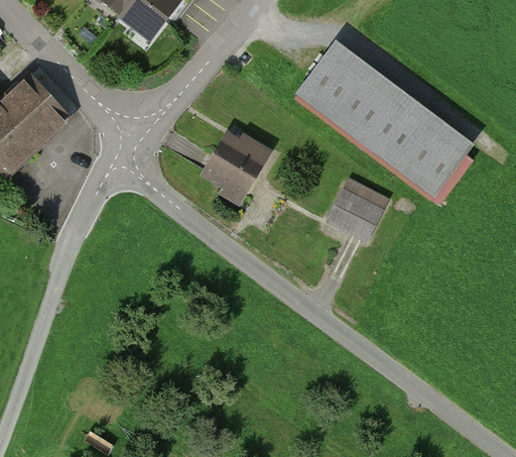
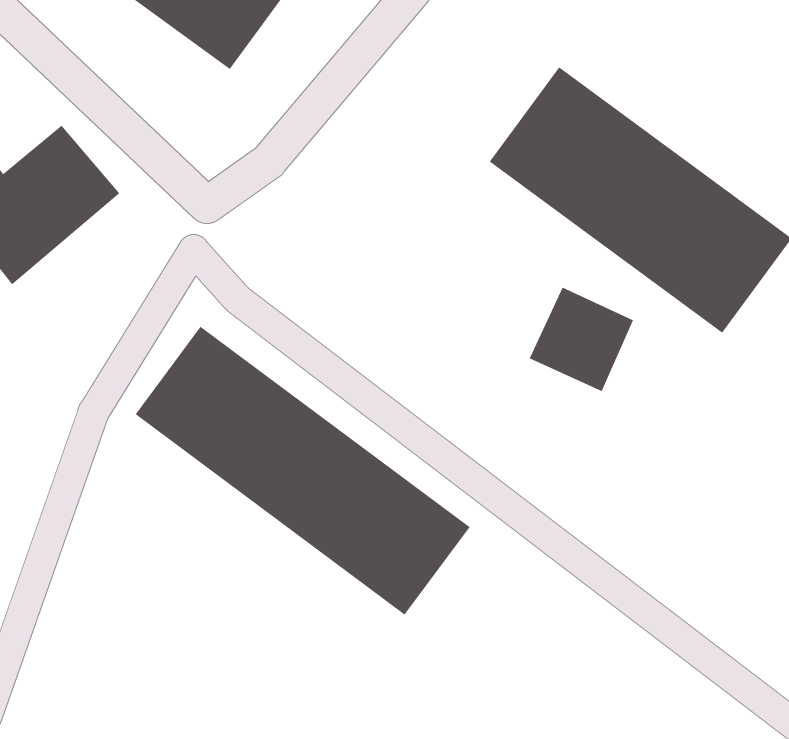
building: [198,125,272,200] -> none
building: none -> [135,326,470,616]

